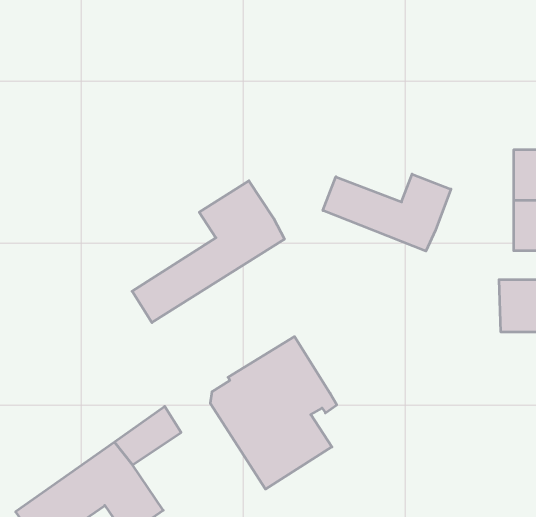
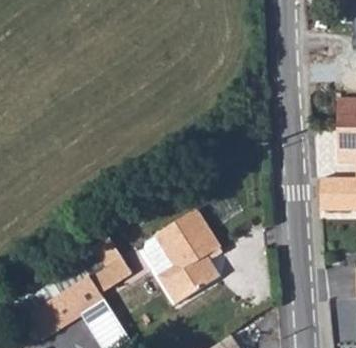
building: [323,174,451,251] -> none
building: [132,181,284,323] -> none

